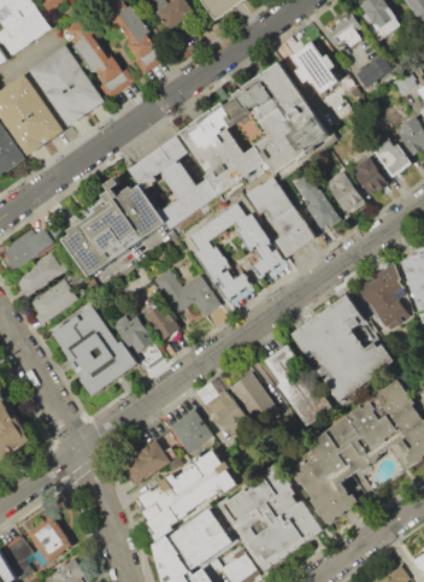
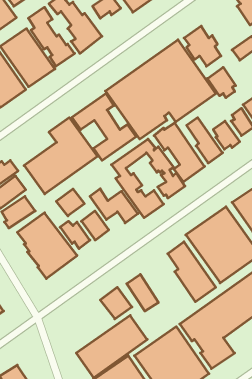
building: [324,12,370,59] -> none
building: none -> [207,67,236,98]
building: none -> [56,189,84,216]
building: [226,372,277,429] -> none
building: [119,437,172,487] -> none

